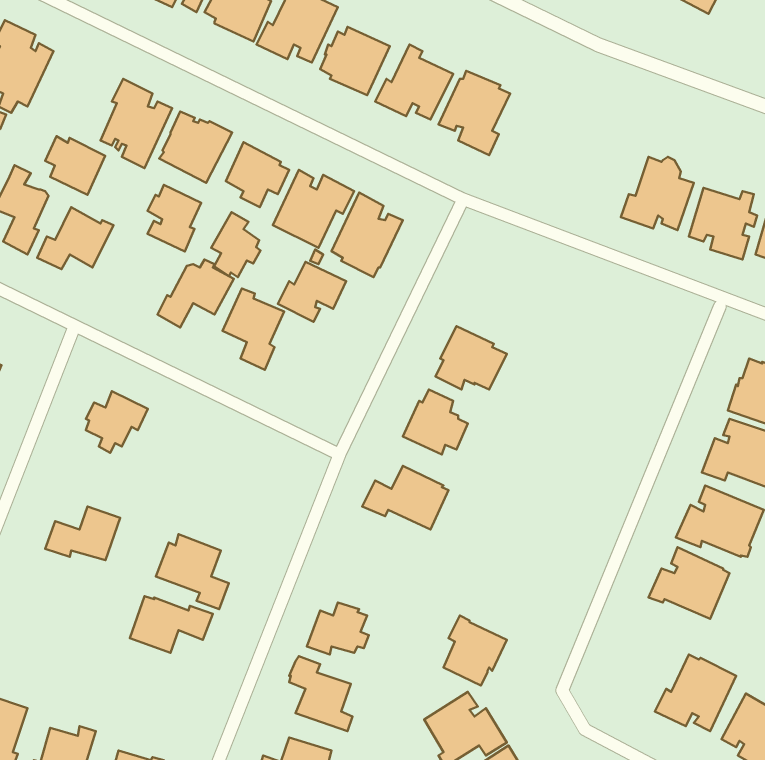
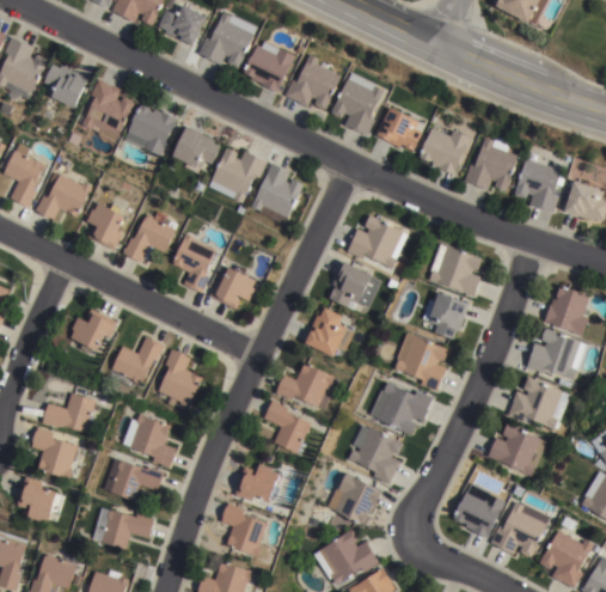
building: none -> [377,104,423,148]
building: [45,136,105,195] -> [44,62,88,105]
building: none -> [421,127,471,173]
building: [147,185,201,252] -> [87,200,127,249]
building: [211,212,260,277] -> none
building: [278,262,346,322] -> [210,264,261,309]
building: none -> [347,214,404,267]
building: none -> [429,243,483,297]
building: none -> [423,291,470,338]
building: none -> [394,332,448,390]
building: none -> [112,335,166,387]
building: none -> [159,347,203,408]
building: none -> [369,382,433,434]
building: none -> [263,399,311,454]
building: none -> [349,423,404,484]
building: none -> [30,427,82,478]
building: none -> [17,476,65,521]
building: none -> [452,483,504,537]
building: none -> [93,508,154,549]

